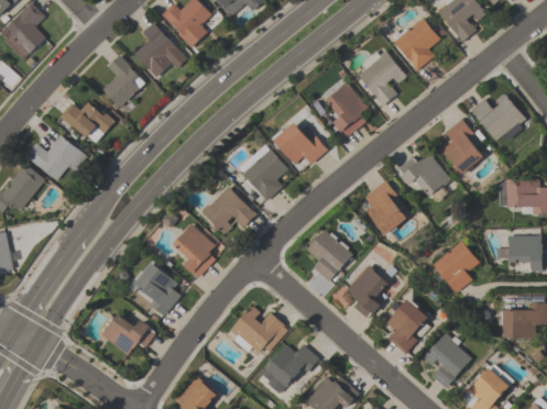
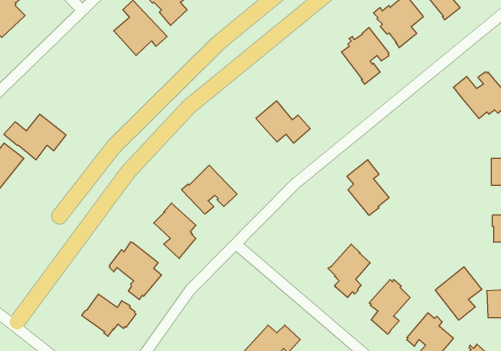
building: [101,54,144,107] -> none
building: [324,77,368,139] -> none
building: [58,101,114,136] -> none
building: [441,119,482,173] -> none
building: [239,144,288,201] -> none
building: [398,154,450,200] -> none
building: [306,229,352,280] -> none
building: [434,240,480,292] -> [435,267,482,320]
building: [226,306,287,352] -> none

